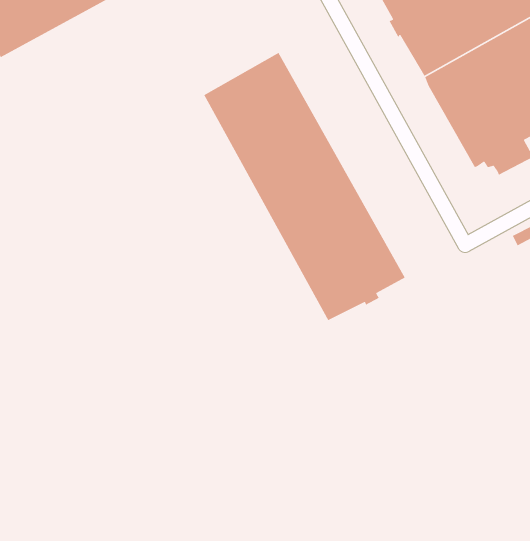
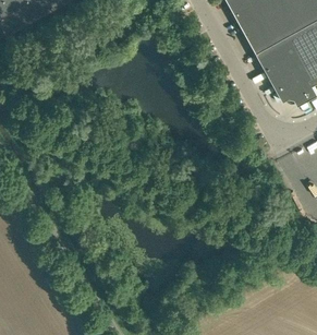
building: [203,52,406,321] -> none

